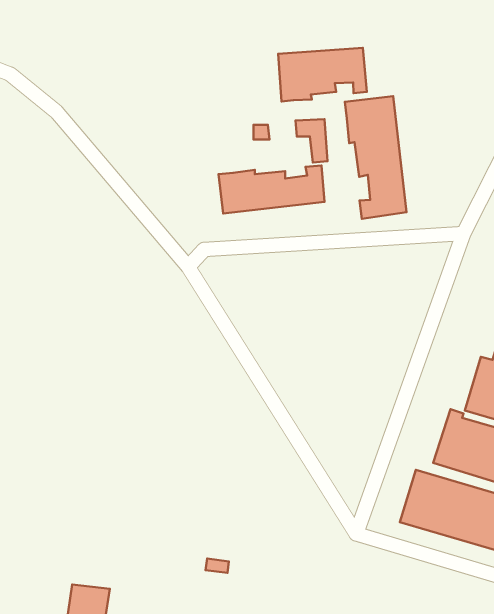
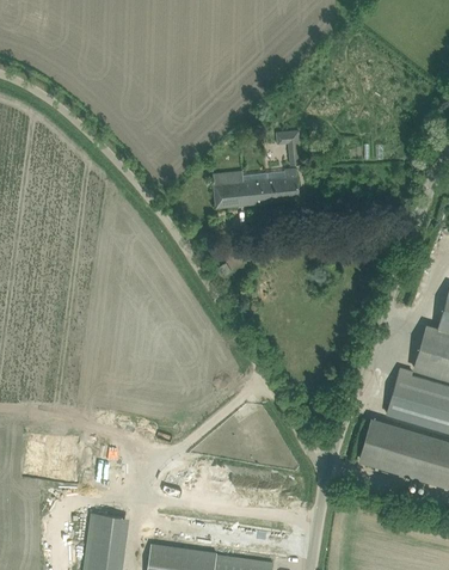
building: [278,48,367,101] -> none
building: [345,96,407,219] -> none

